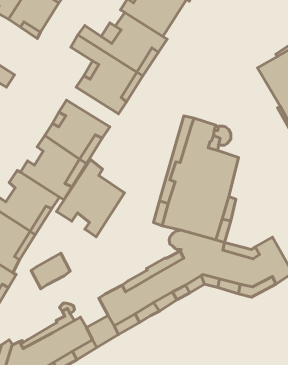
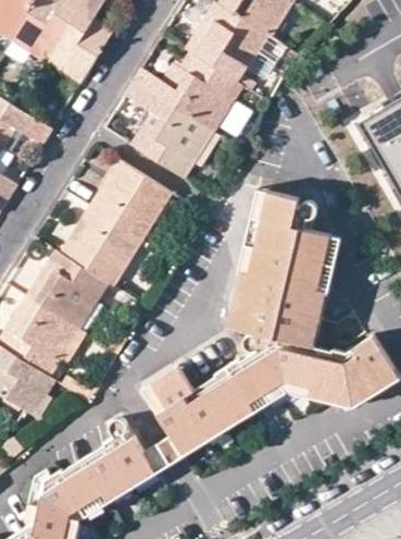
building: [56,160,124,237] -> none
building: [31,253,70,289] -> [147,365,196,409]

